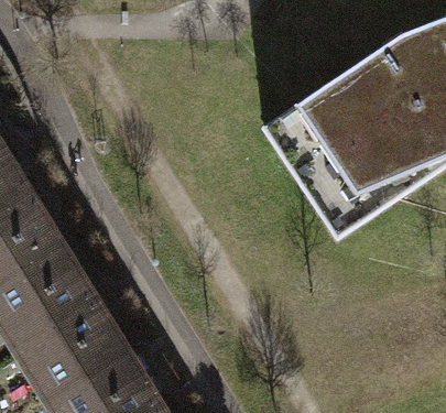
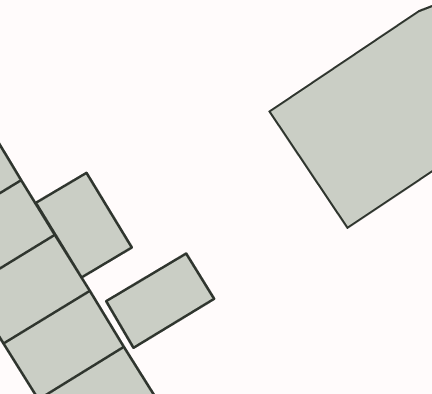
building: none -> [36,173,132,277]
building: none -> [106,253,214,348]

